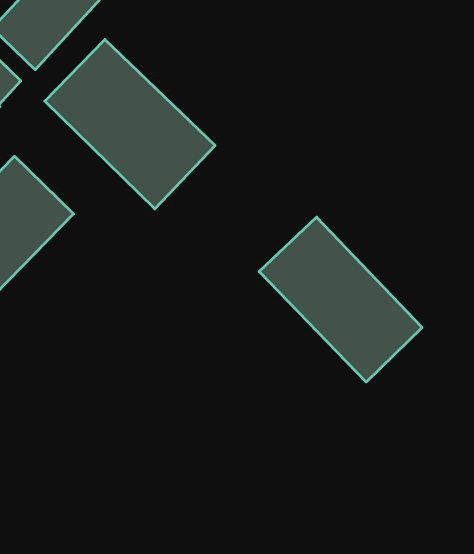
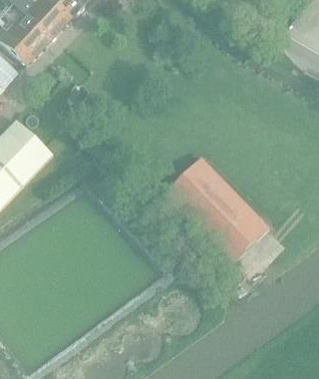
building: [45,39,215,209] -> none

